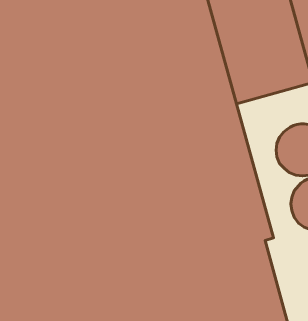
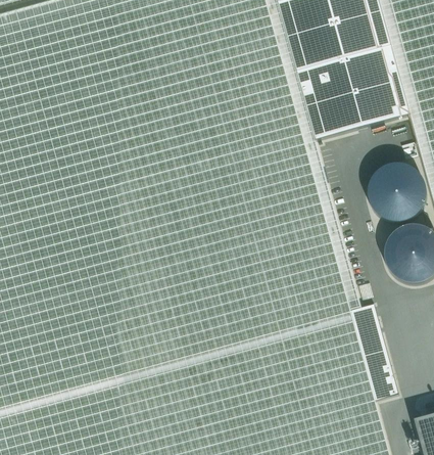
building: none -> [351,305,399,403]

